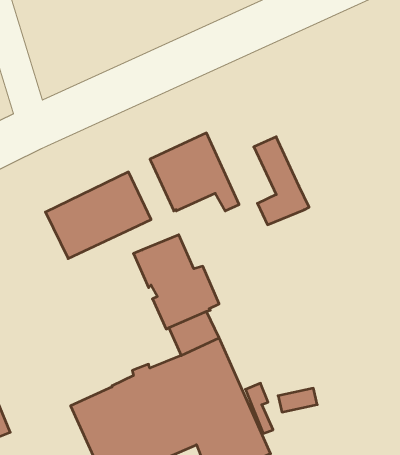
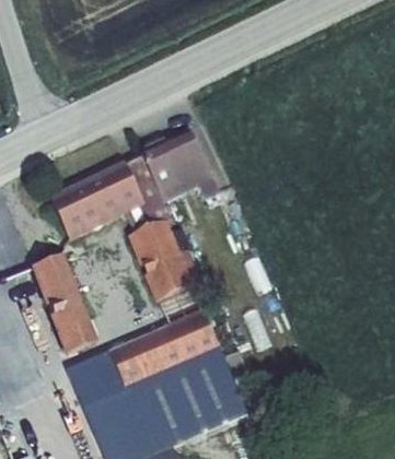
building: [254,137,309,225] -> [124,156,172,233]
building: none -> [28,250,96,352]

